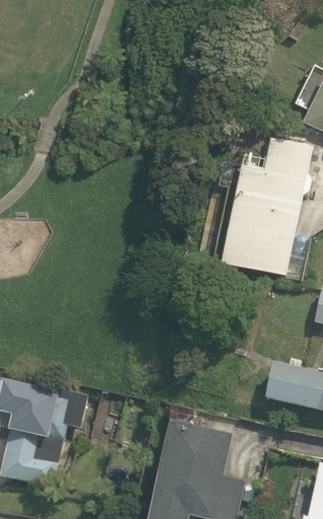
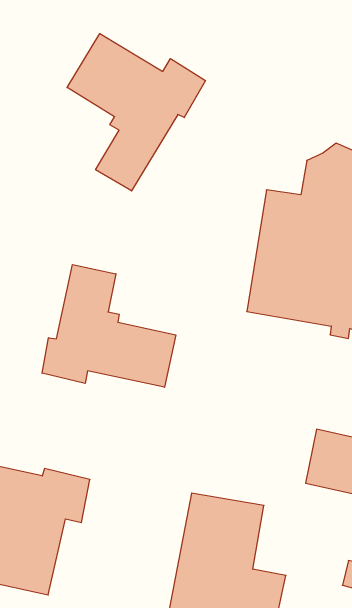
building: none -> [67,34,205,191]
building: none -> [42,265,176,387]

